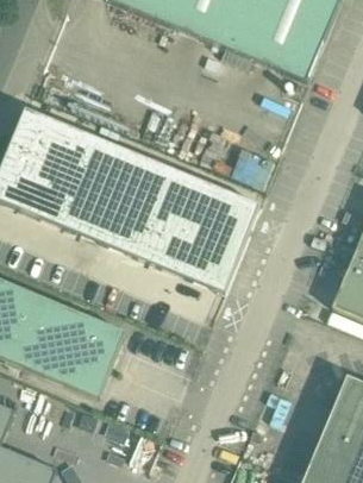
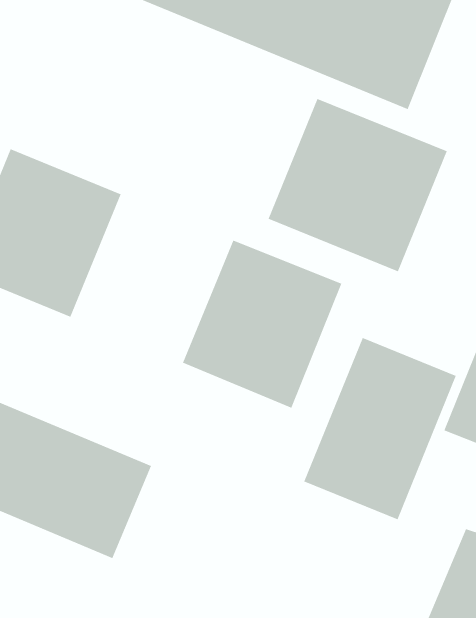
building: none -> [268,98,448,272]
building: [69,139,183,258] -> none
building: none -> [304,337,457,520]

